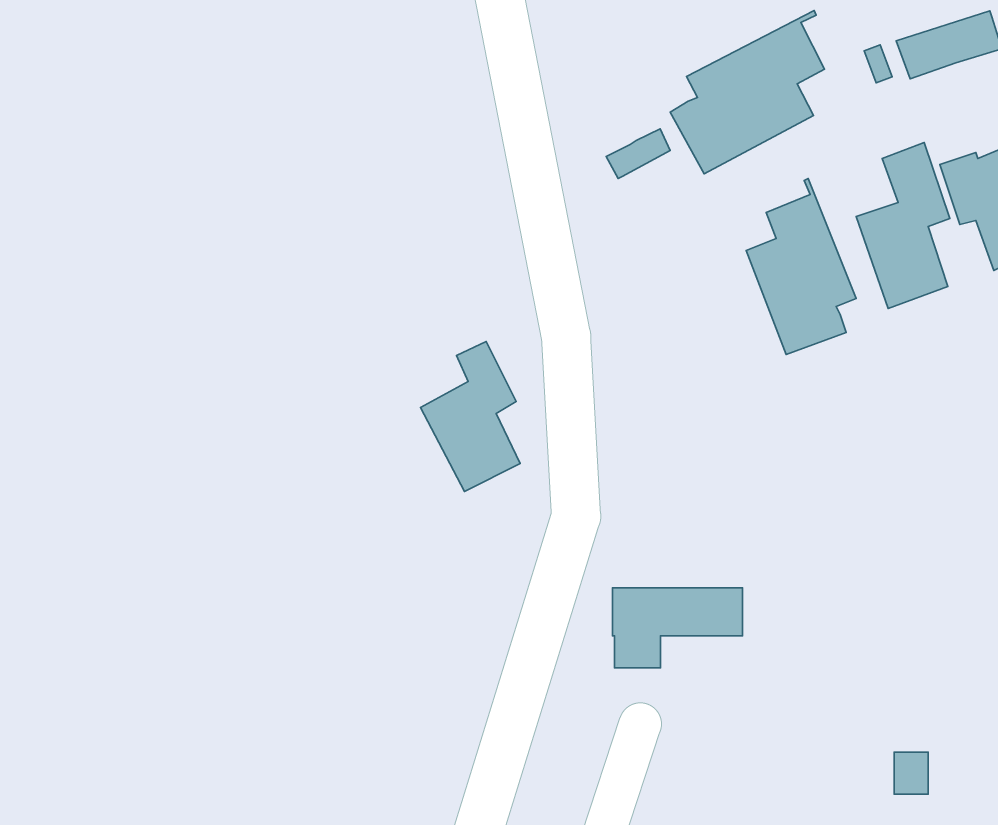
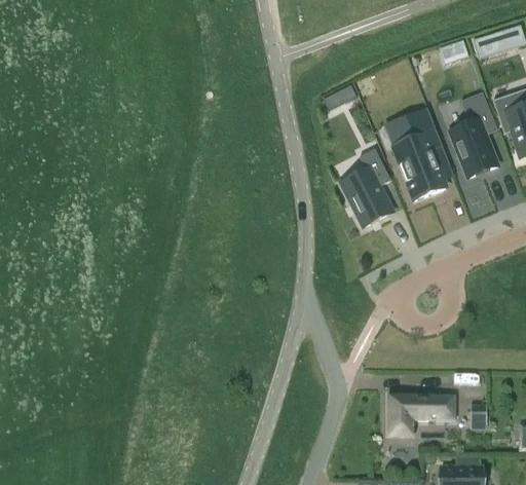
building: [670,10,825,174] -> none
building: [420,342,520,491] -> [340,149,391,226]
building: [613,588,742,668] -> [387,396,454,437]

